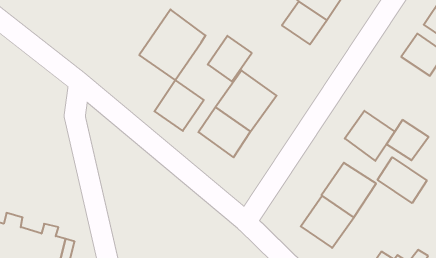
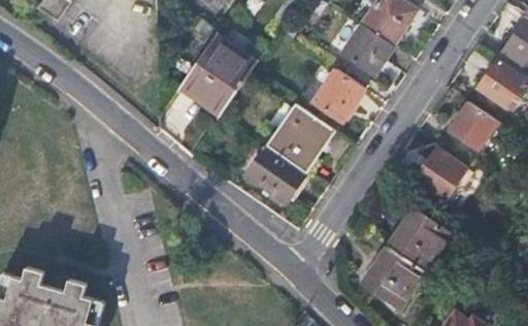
building: [208,36,252,82] -> [314,67,364,120]
building: [154,80,204,131] -> none
building: [386,120,429,160] -> [450,102,498,149]
building: [378,157,427,203] -> none

